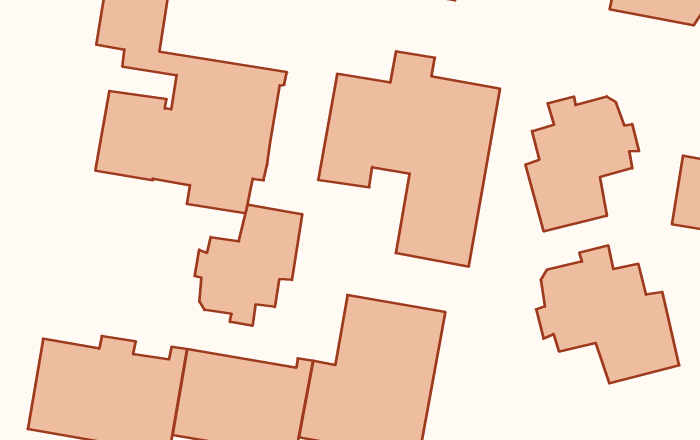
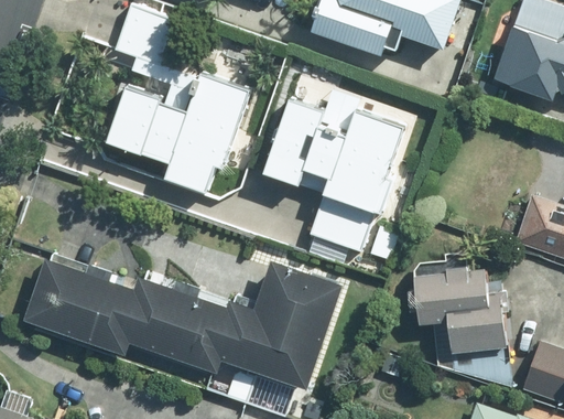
building: [526,96,639,231] -> none
building: [195,204,302,326] -> none

